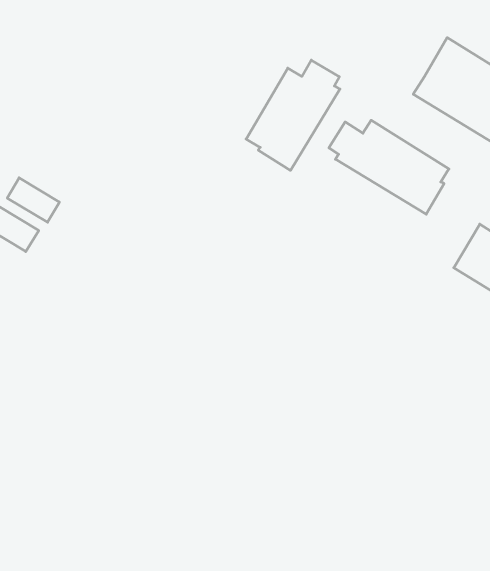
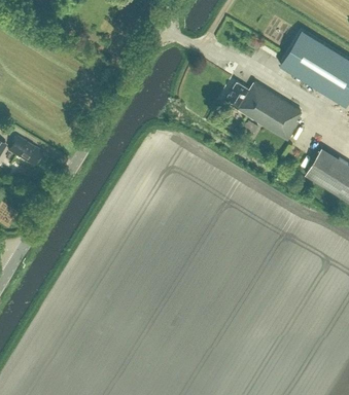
building: [246,60,340,170] -> none
building: [7,178,59,222] -> none

